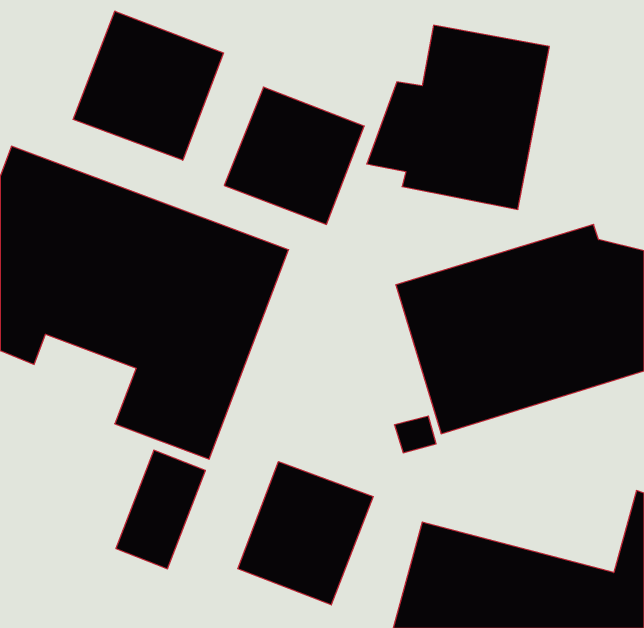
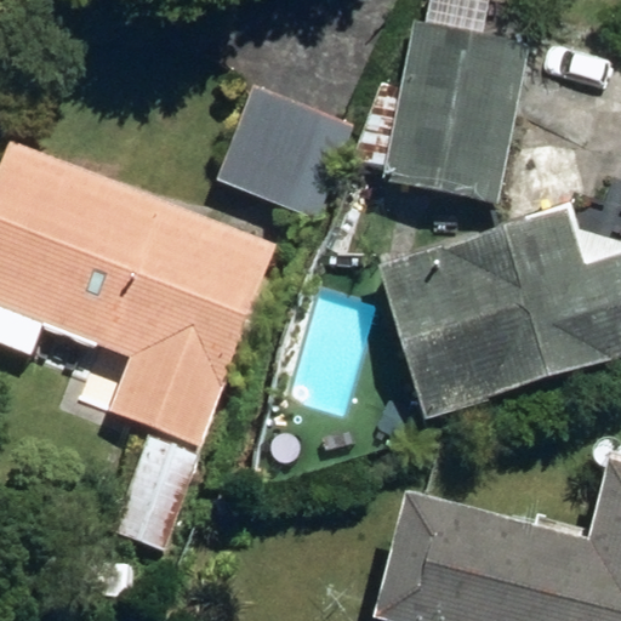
building: [73,11,224,160] -> none
building: [238,462,373,605] -> none

